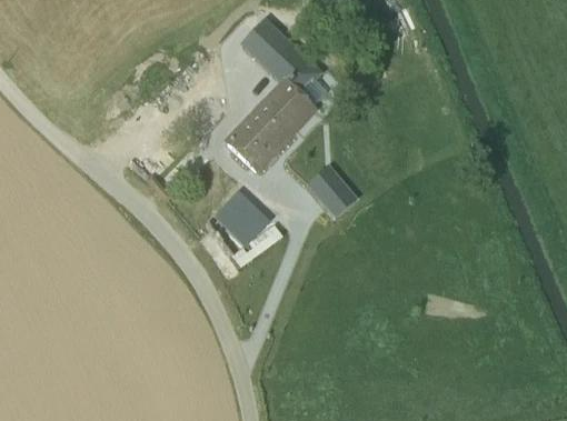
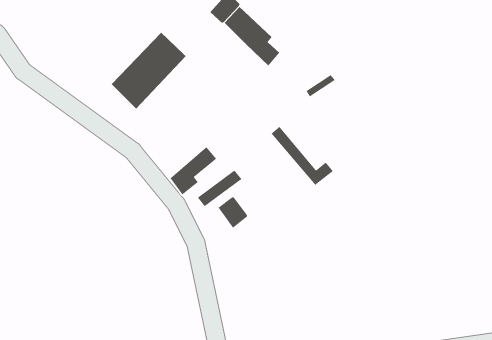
building: [226,80,312,169] -> [111,32,187,110]
building: none -> [217,196,248,229]

